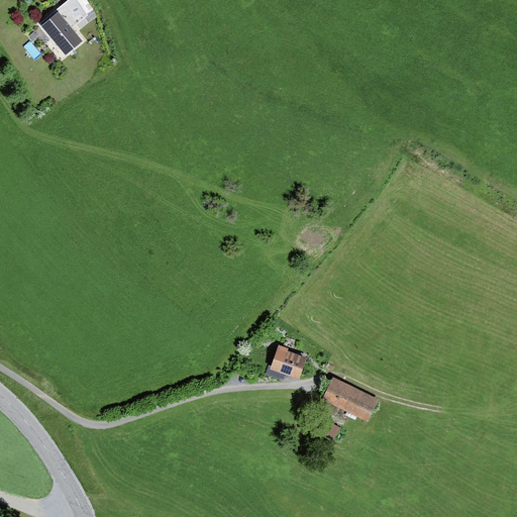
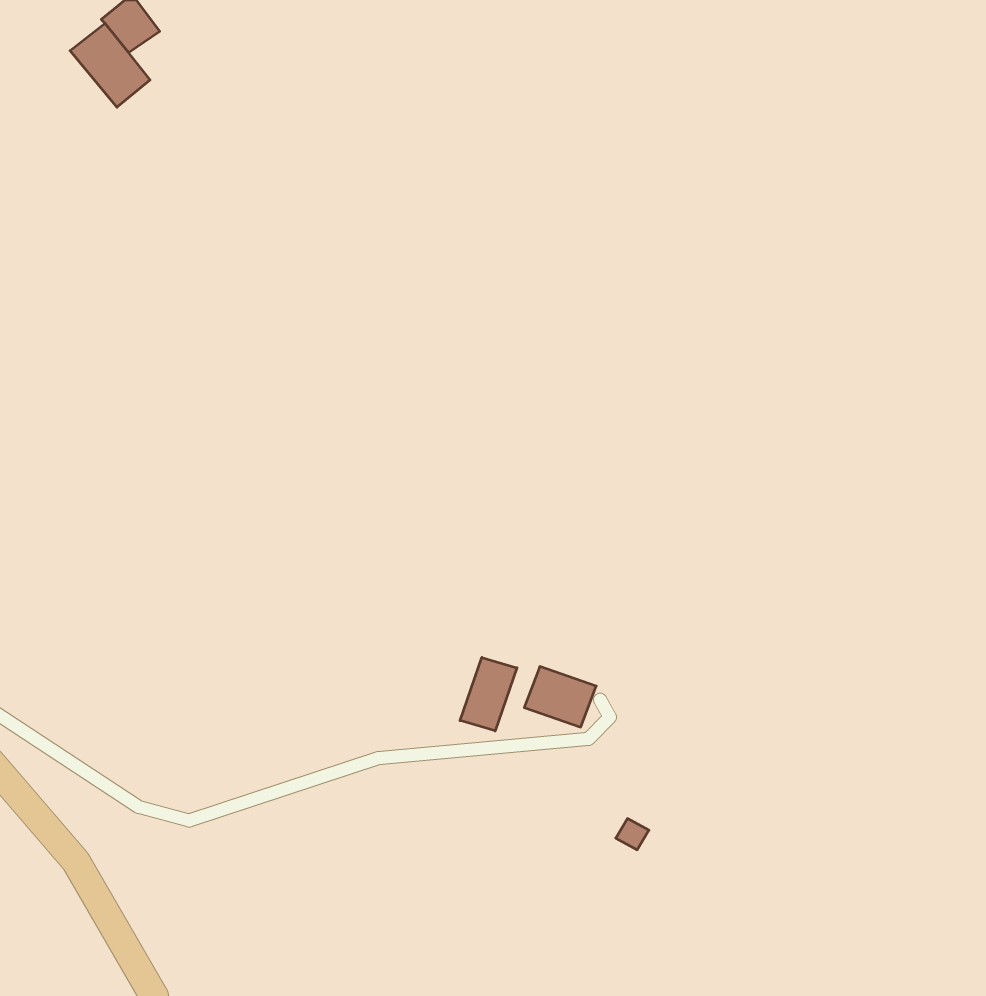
building: none -> [460,657,517,731]
building: [324,379,379,420] -> none

